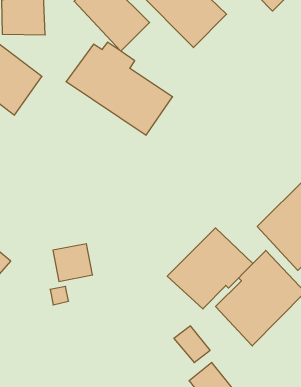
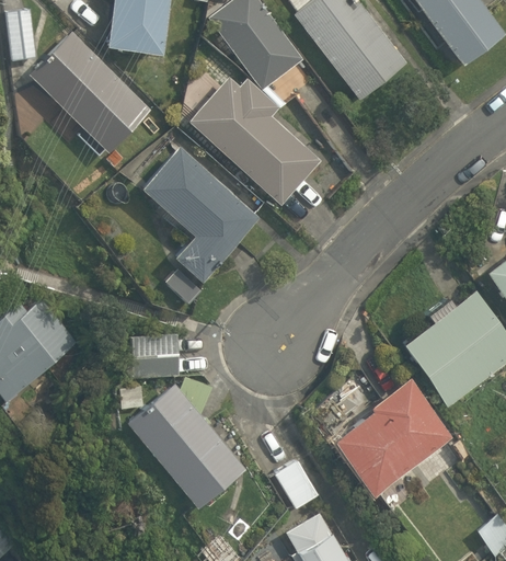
building: none -> [143,146,260,282]
building: [167,228,253,309] -> none
building: none -> [128,377,245,508]

